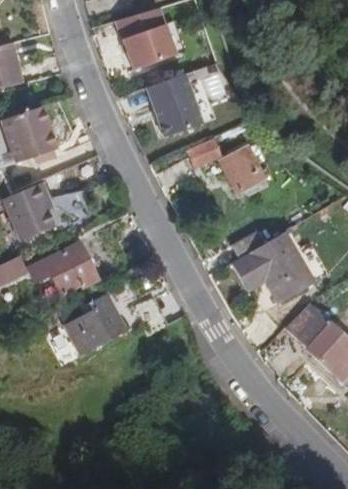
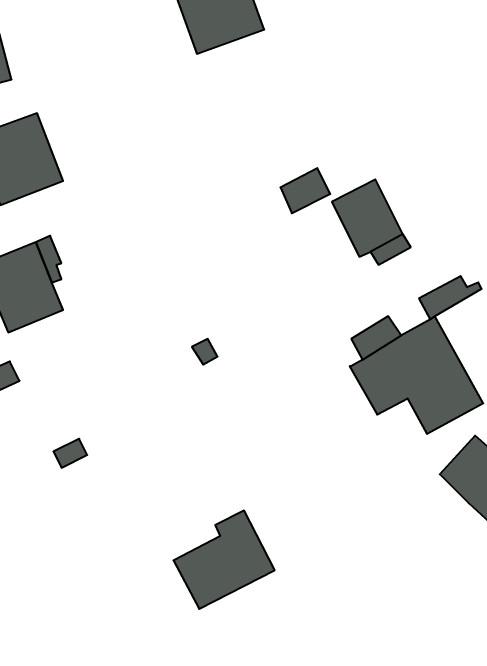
building: [148,72,205,135] -> none
building: [37,243,97,295] -> none
building: [62,293,125,354] -> [173,511,275,609]

